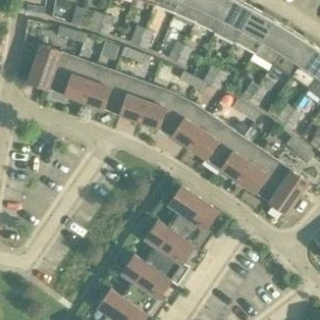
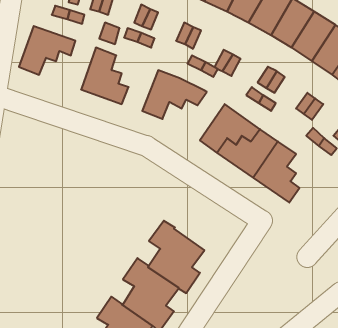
building: [45,58,96,102] -> none
building: [110,71,152,121] -> none
building: [156,104,212,148] -> none
building: [268,160,308,214] -> none
building: [166,185,218,252] -> none

